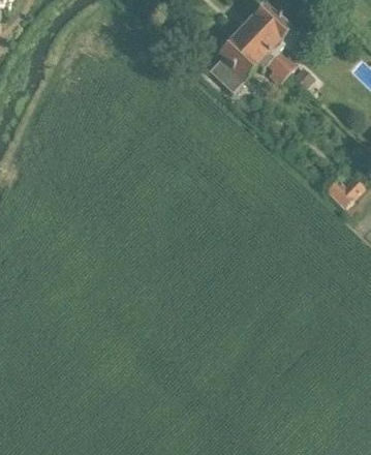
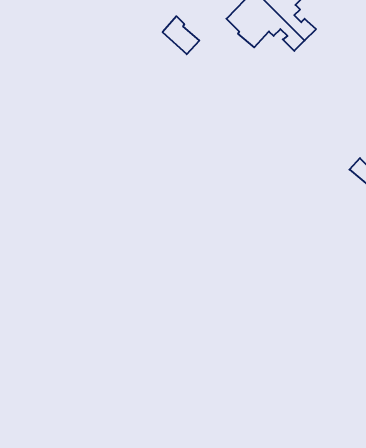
building: [210,56,243,90] -> [163,16,199,54]

